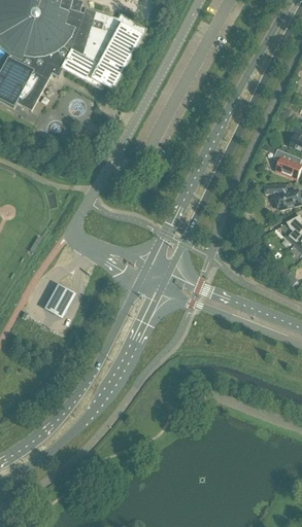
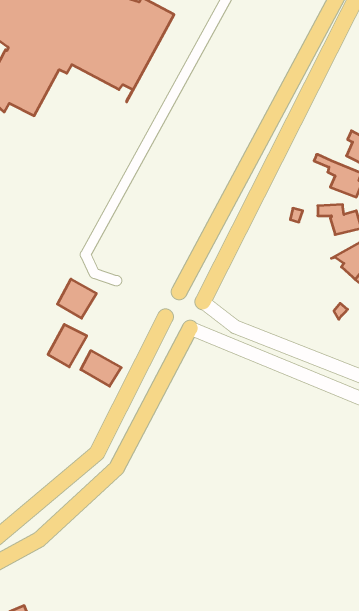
building: none -> [57,279,96,318]
building: none -> [81,351,121,386]

